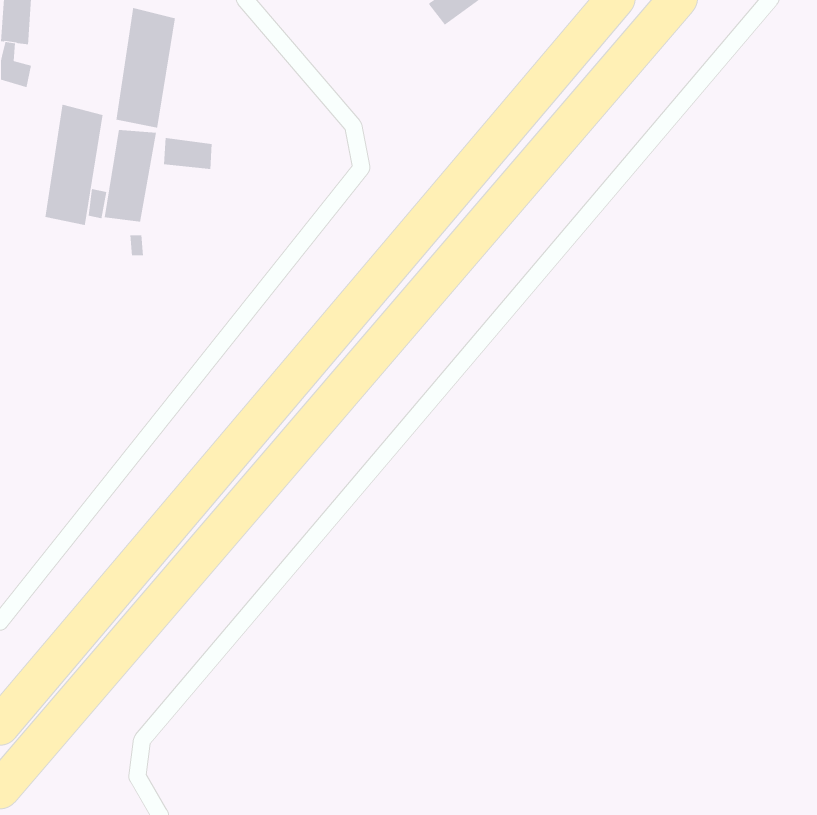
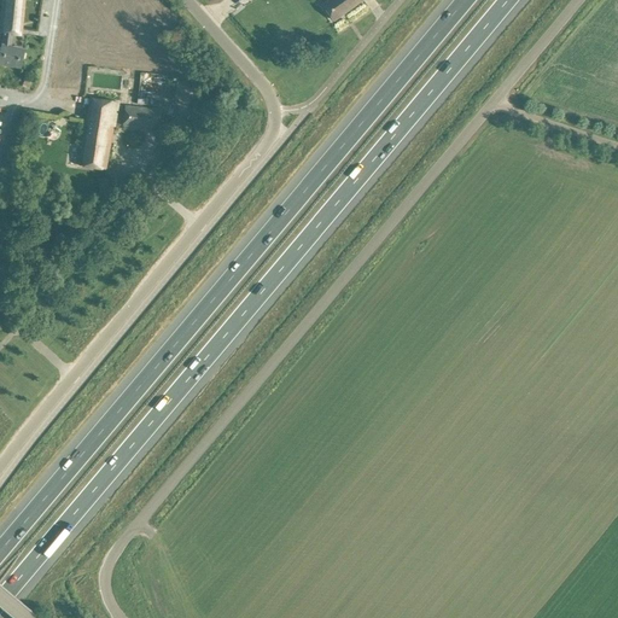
building: [116,7,175,128] -> none
building: [45,104,103,226] -> none

